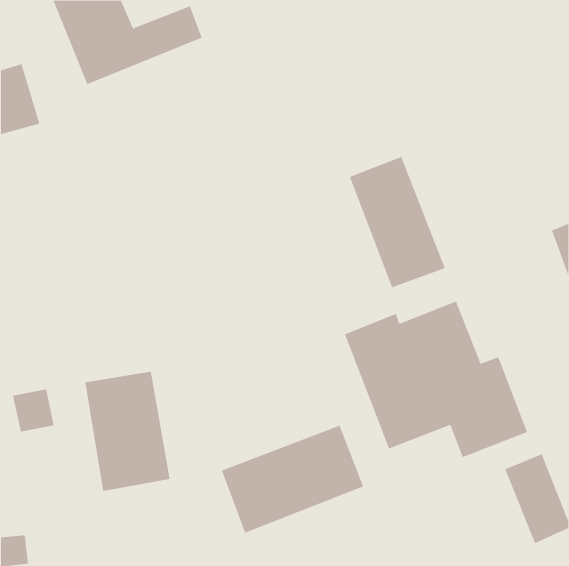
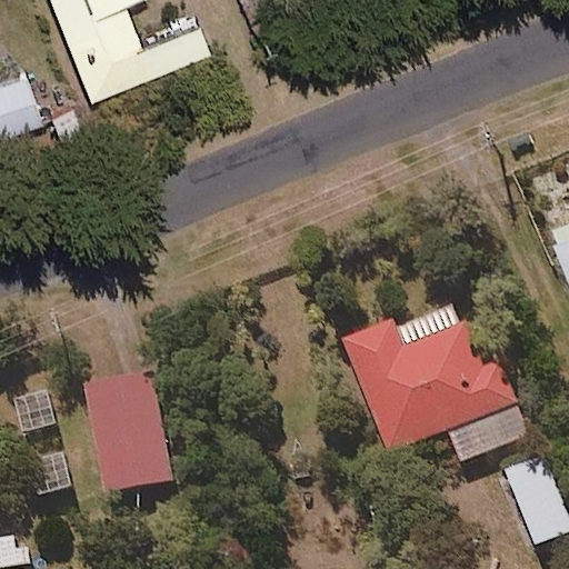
building: [349,156,445,288] -> none
building: [221,425,364,533] -> none

